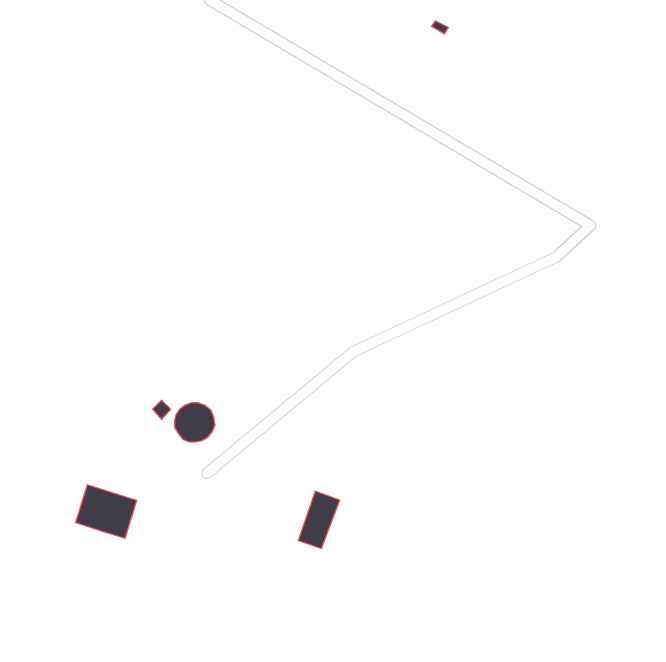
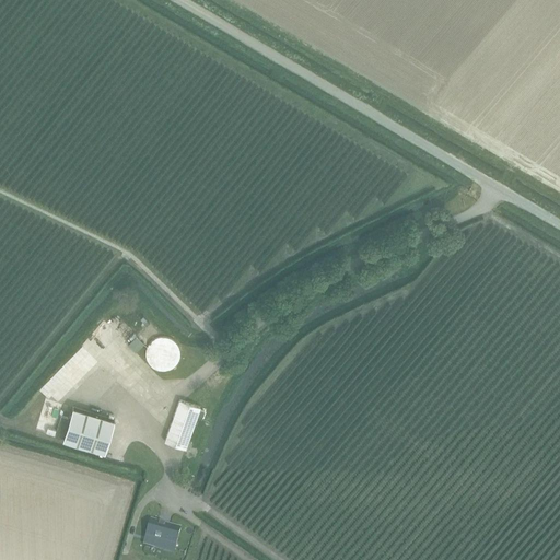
building: [298,491,340,548] -> [165,401,200,450]
building: none -> [147,524,182,548]

